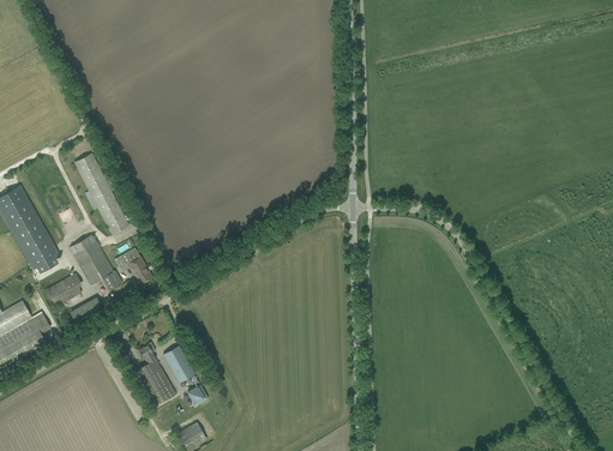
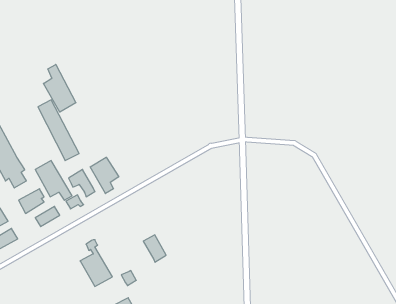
building: none -> [43,64,76,112]
building: none -> [90,157,119,194]
building: [163,344,194,381] -> [143,235,166,262]

